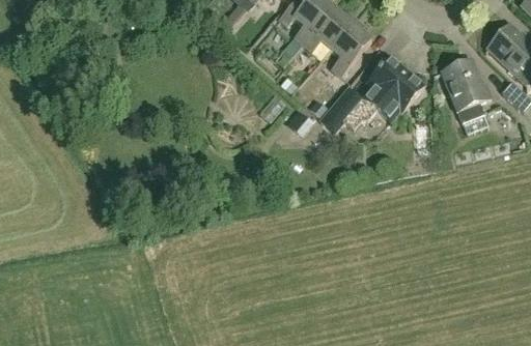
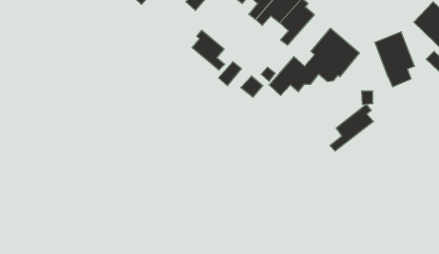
building: none -> [192,30,225,70]
building: none -> [330,104,374,151]

